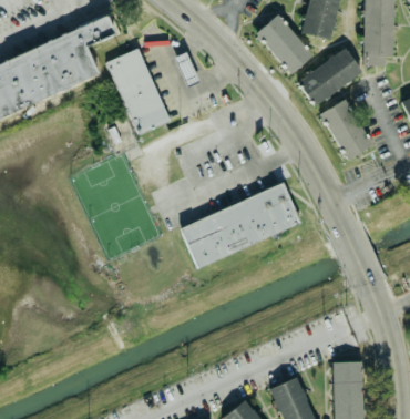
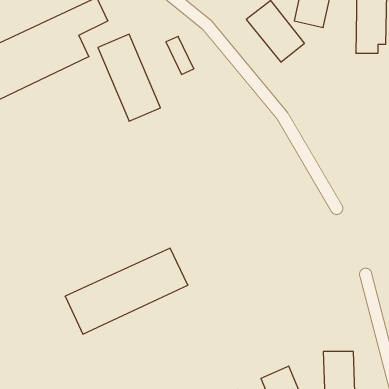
building: [296,48,362,105] -> none
building: [318,99,373,161] -> none
building: [181,184,303,269] -> [65,248,188,334]

